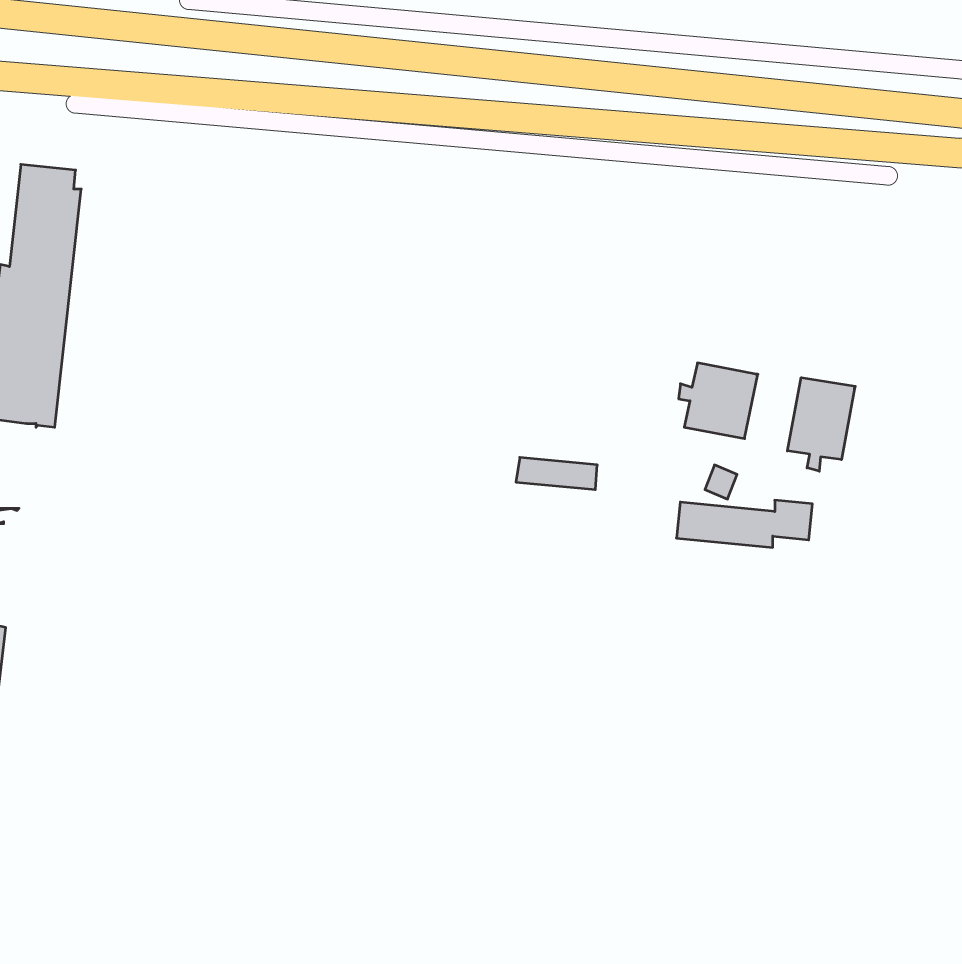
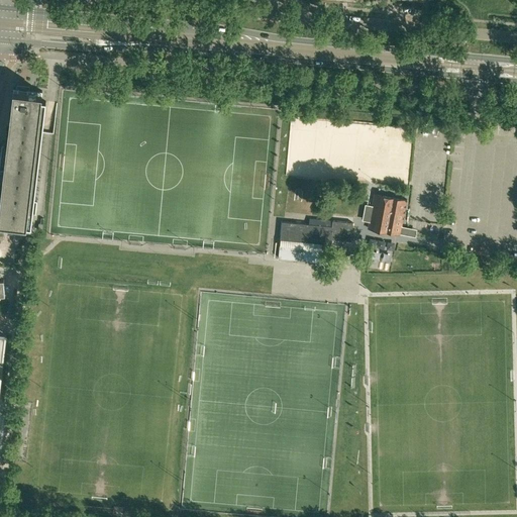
building: [787,378,855,471] -> none
building: [676,500,812,547] -> [278,221,350,246]

